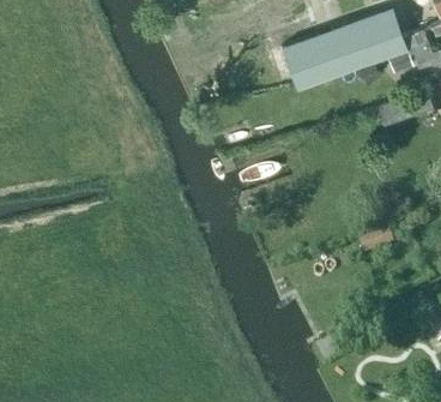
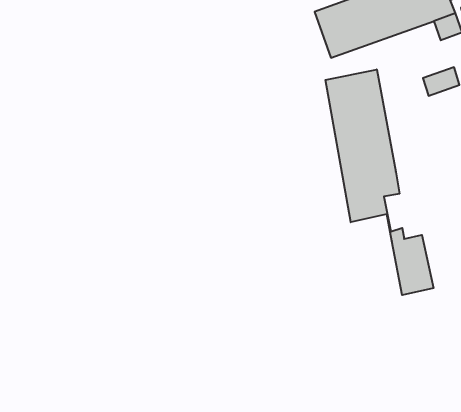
building: none -> [325,69,434,295]

